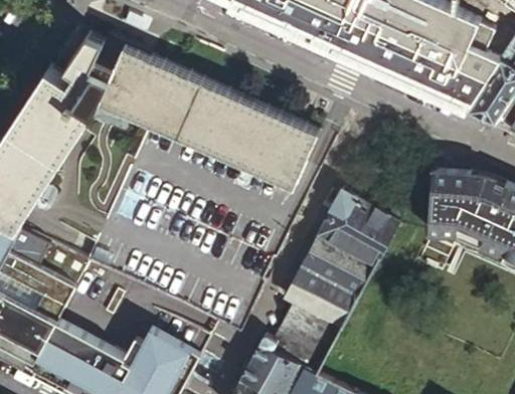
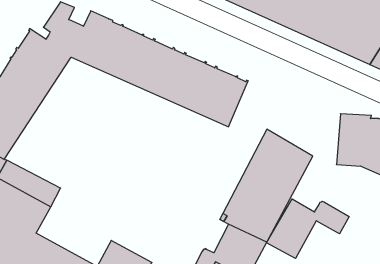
building: none -> [267,199,349,258]

